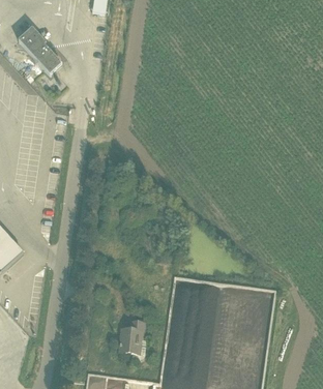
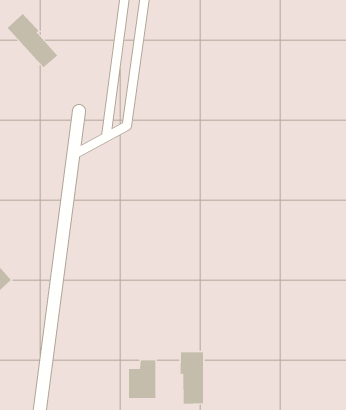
building: none -> [180,351,204,404]

